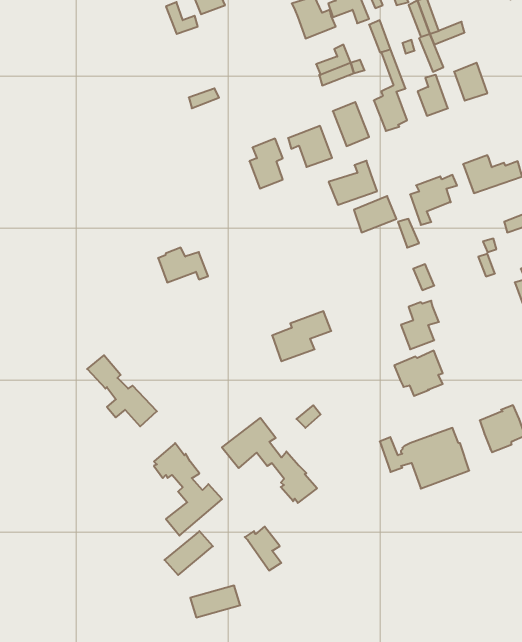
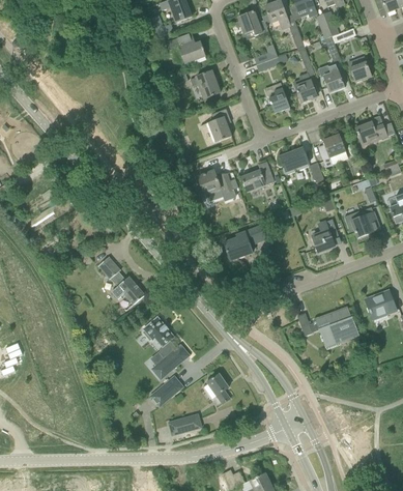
building: none -> [167,32,205,64]
building: [288,126,332,167] -> [190,70,220,98]
building: [329,161,377,205] -> [240,162,274,192]
building: [158,248,208,282] -> [198,170,232,194]
building: [394,351,443,396] -> [344,206,377,237]
building: [222,418,317,503] -> none

